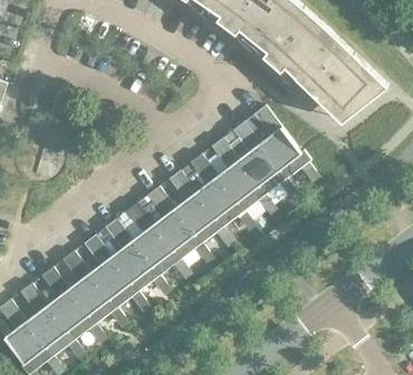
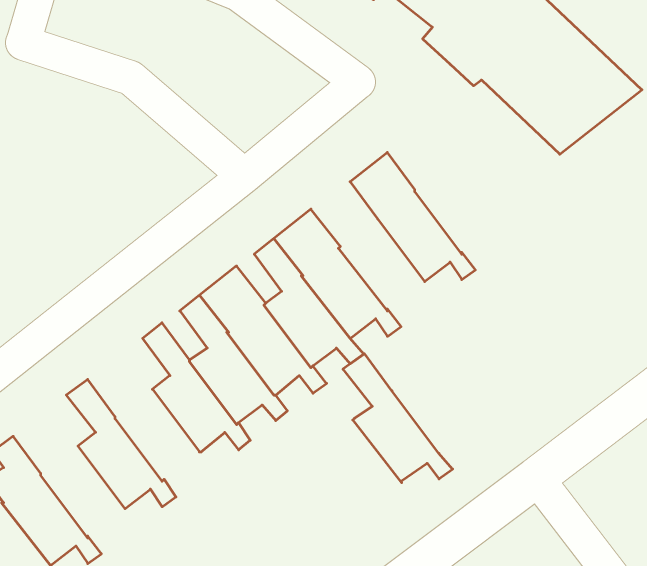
building: [251,106,313,179] -> none
building: [209,138,271,211] -> [343,354,453,483]
building: [72,235,143,308] -> none
building: [39,267,101,341] -> none

